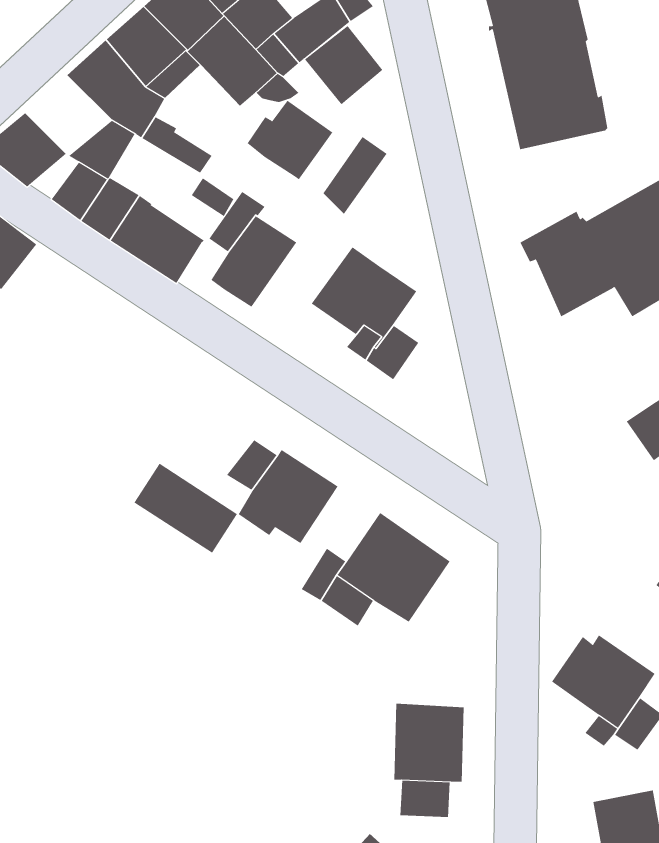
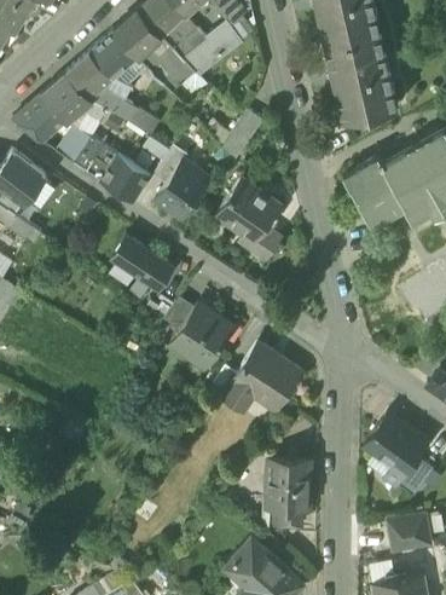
building: [304,25,383,105] -> none
building: none -> [40,74,93,123]
building: [247,100,333,180] -> none
building: [134,463,238,554] -> [110,235,174,290]

